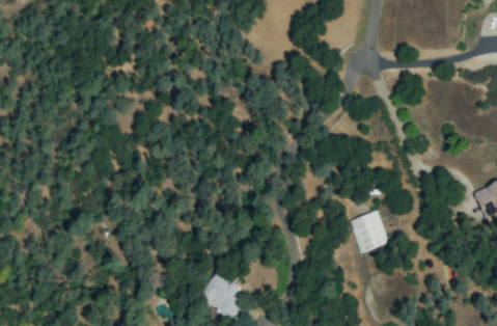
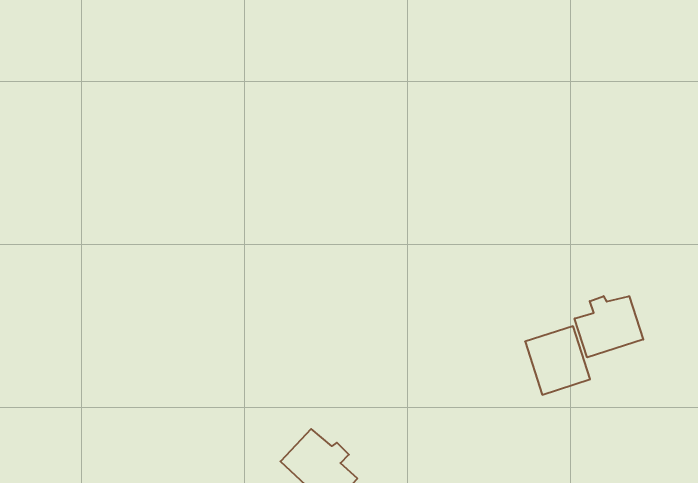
building: none -> [575,296,643,357]

